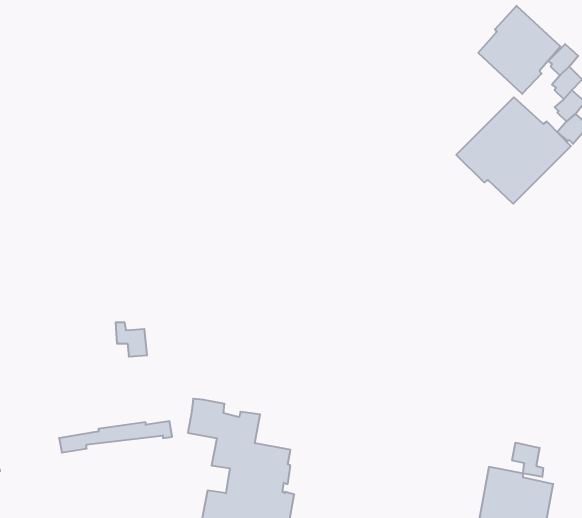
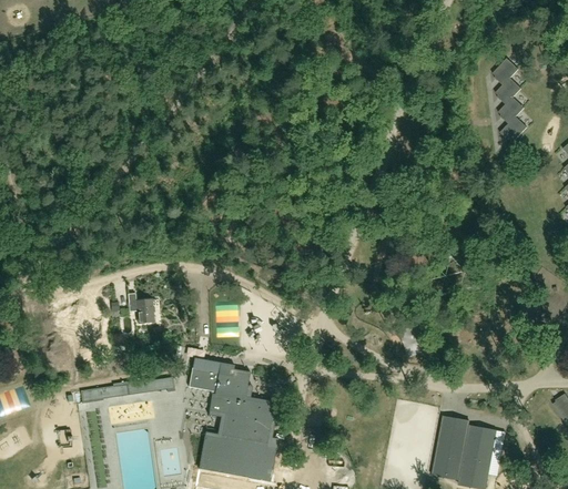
building: [478,6,561,94] -> none
building: [456,97,571,204] -> none
building: [512,443,543,477] -> none

